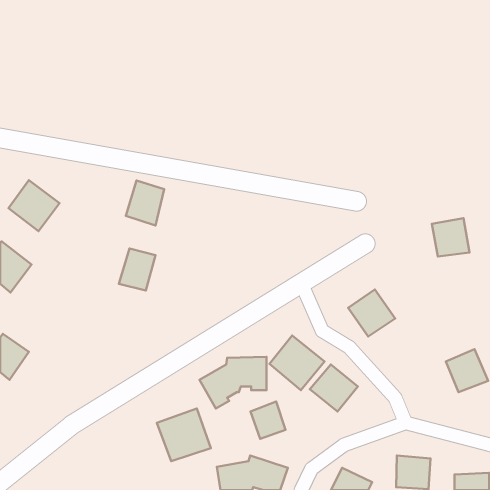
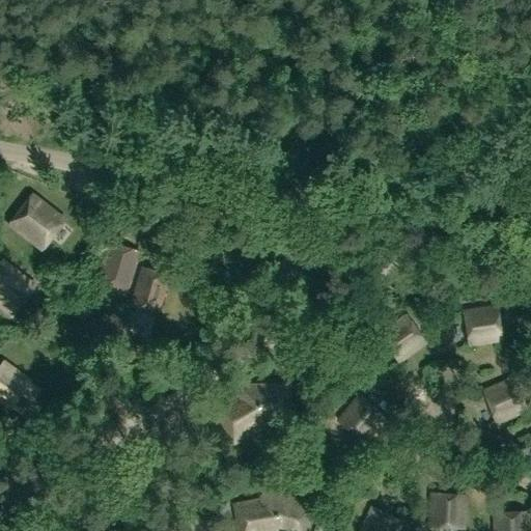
building: [126,180,164,226] -> [97,243,139,291]
building: [432,218,469,256] -> [463,305,503,346]
building: [270,335,324,390] -> none
building: [251,402,286,439] -> none
building: [157,408,211,461] -> none

